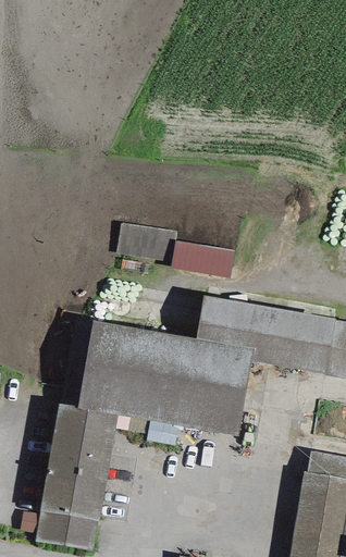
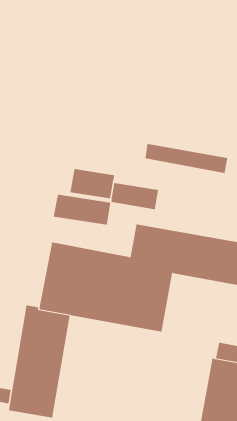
building: none -> [145,143,228,174]
building: none -> [53,194,111,226]

